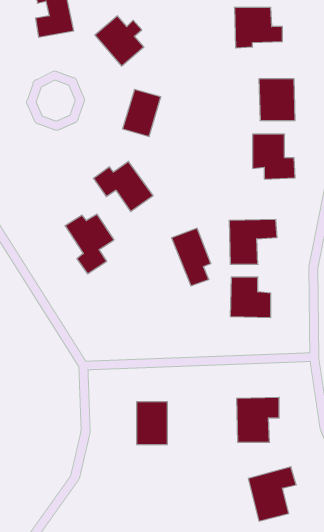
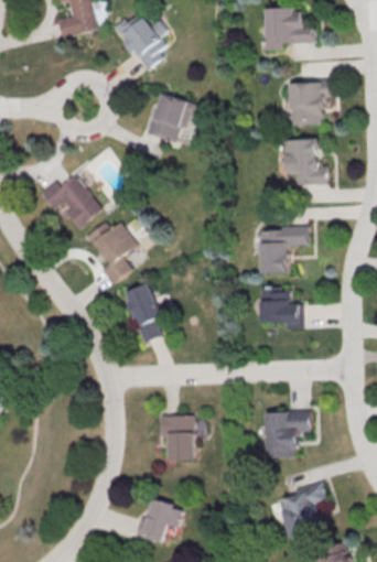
building: [93,161,153,212] -> [40,174,101,226]
building: [172,228,211,286] -> [122,283,163,343]
building: none -> [137,497,184,543]

